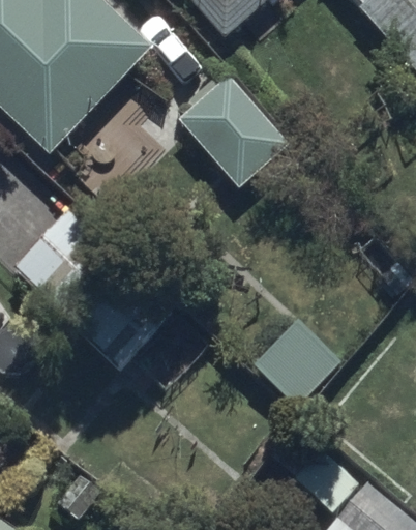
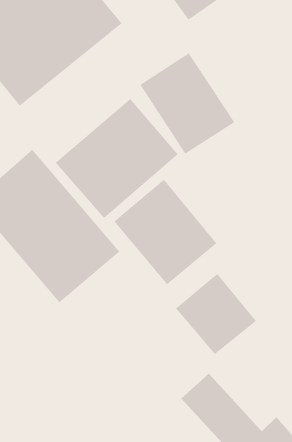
building: none -> [55,98,178,219]
building: none -> [113,179,217,285]

